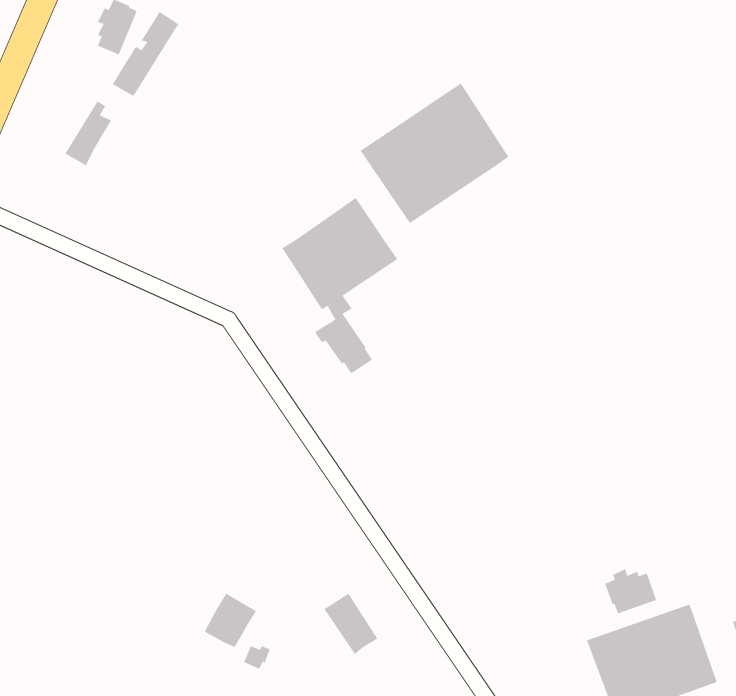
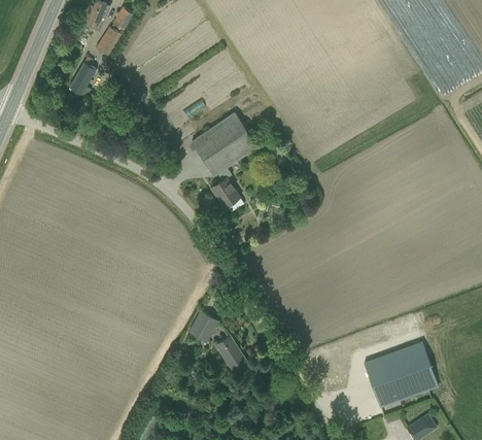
building: [360,83,509,224] -> none
building: [605,568,657,614] -> none
building: [204,593,257,648] -> [188,311,218,342]

